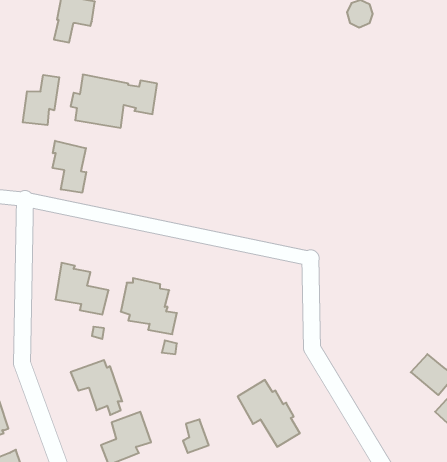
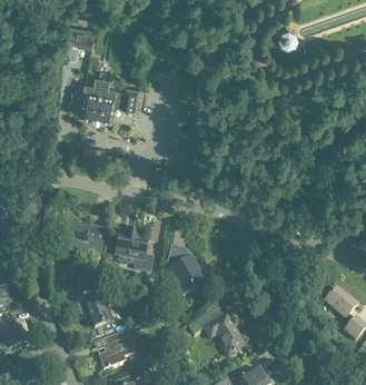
building: [23,75,59,125] -> none
building: [53,141,86,193] -> none
building: none -> [168,244,206,295]

